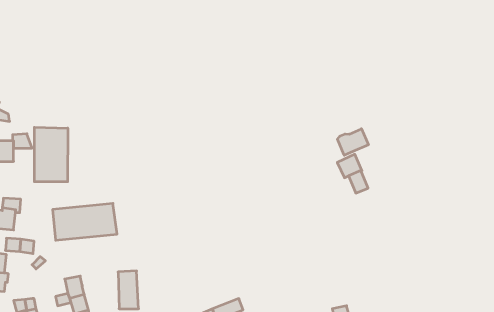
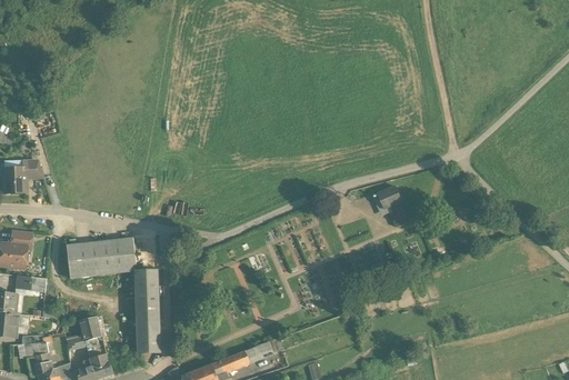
building: [34,127,68,182] -> none
building: [337,129,368,155] -> none
building: none -> [137,270,158,312]

